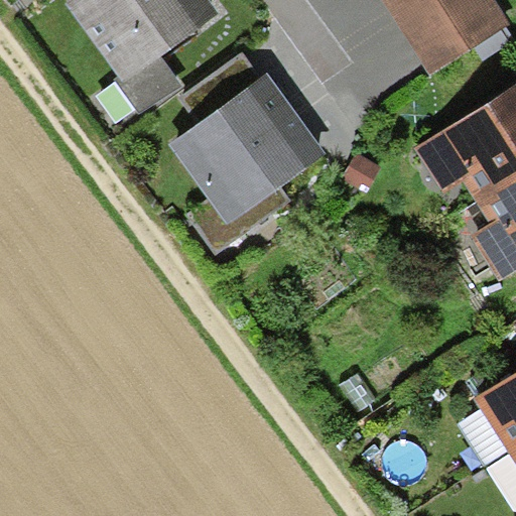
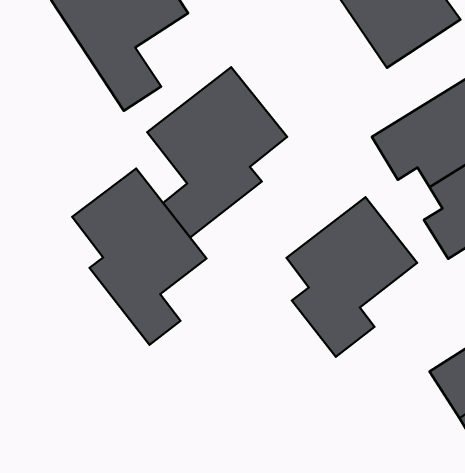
building: none -> [72,169,206,345]
building: none -> [286,197,417,357]

